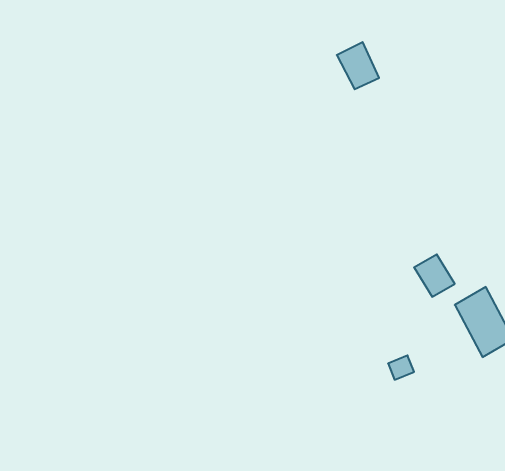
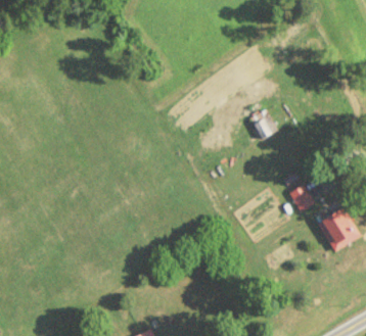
building: [337,42,379,89] -> [250,109,277,139]

